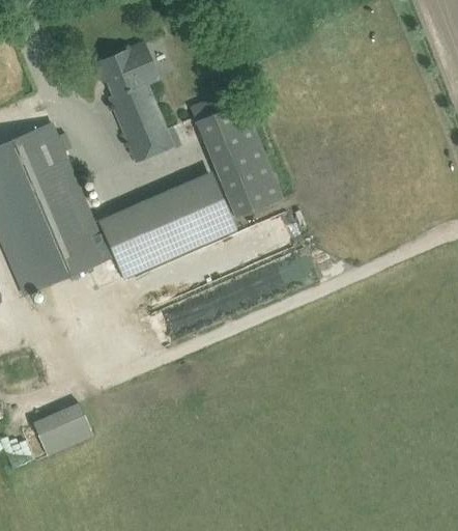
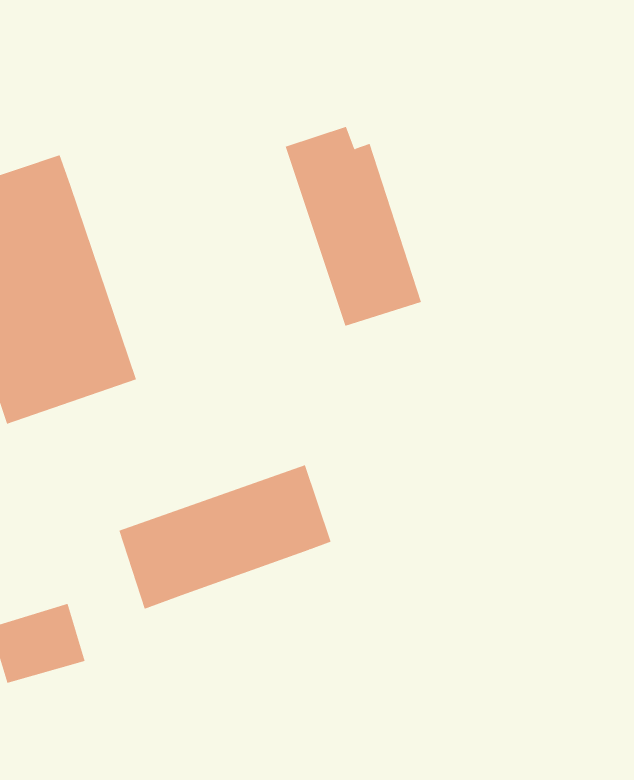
building: [95,45,172,161] -> none
building: [101,183,233,280] -> [118,465,332,609]

